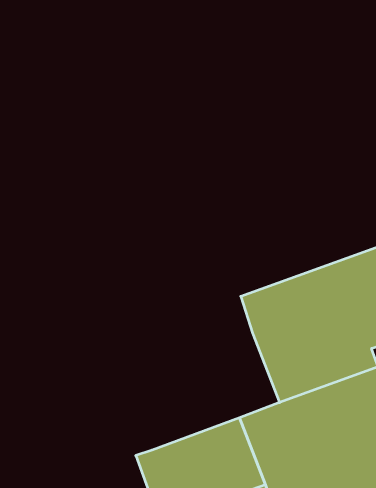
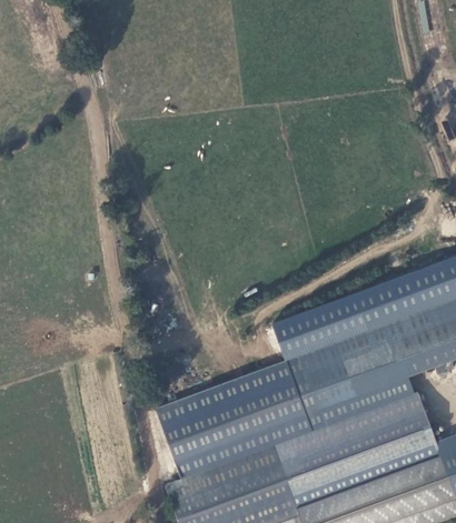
building: none -> [157,360,315,480]

